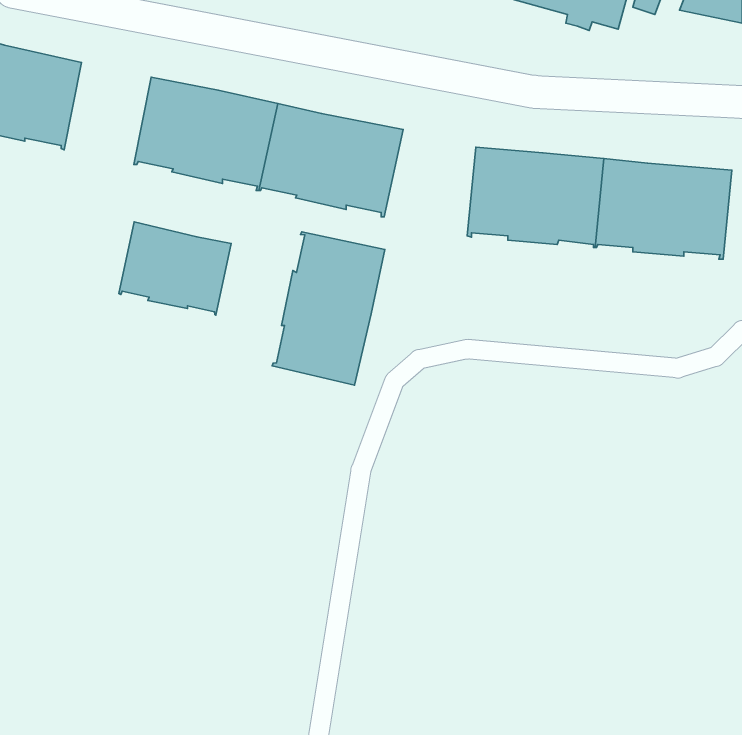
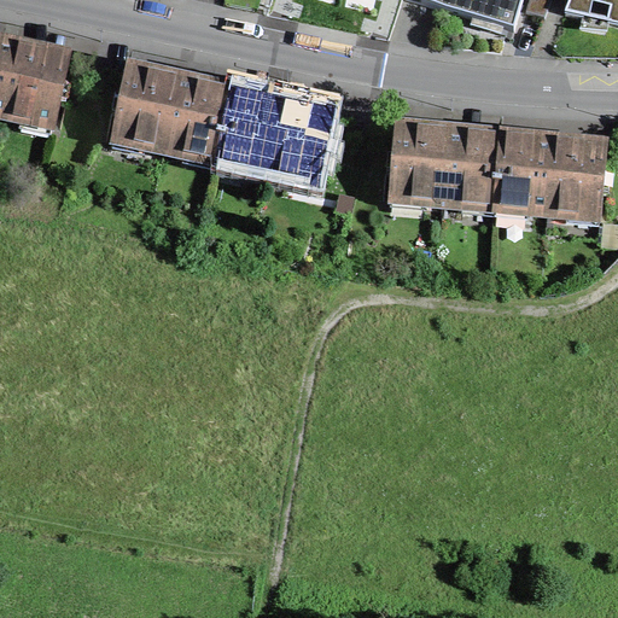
building: [119,222,231,315] -> none
building: [272,232,385,385] -> none

